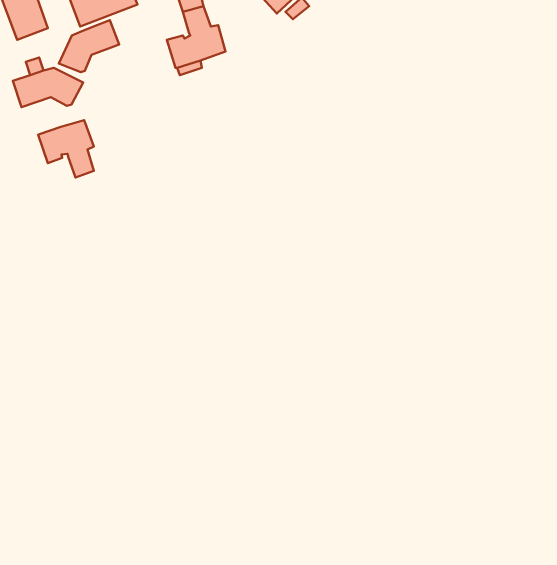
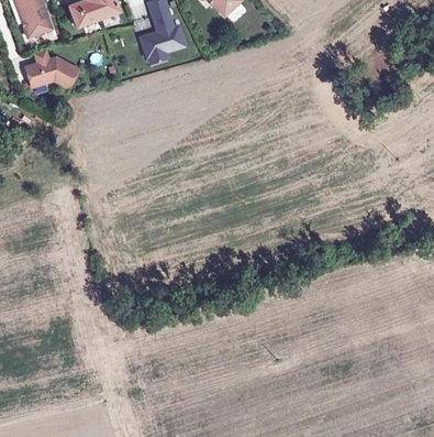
building: [59,20,119,72] -> none
building: [38,120,94,178] -> none

